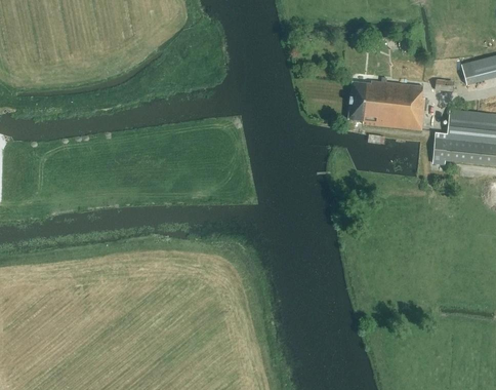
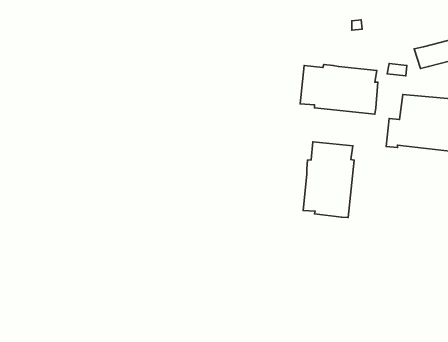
building: none -> [303,142,354,218]

